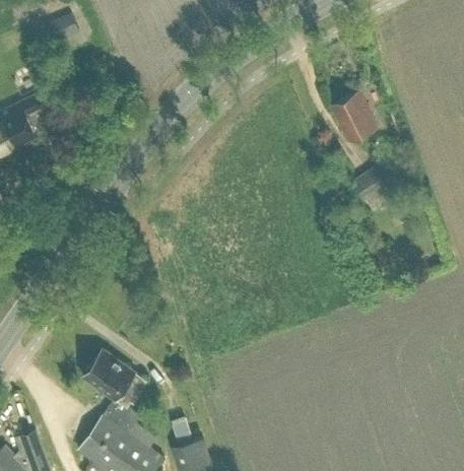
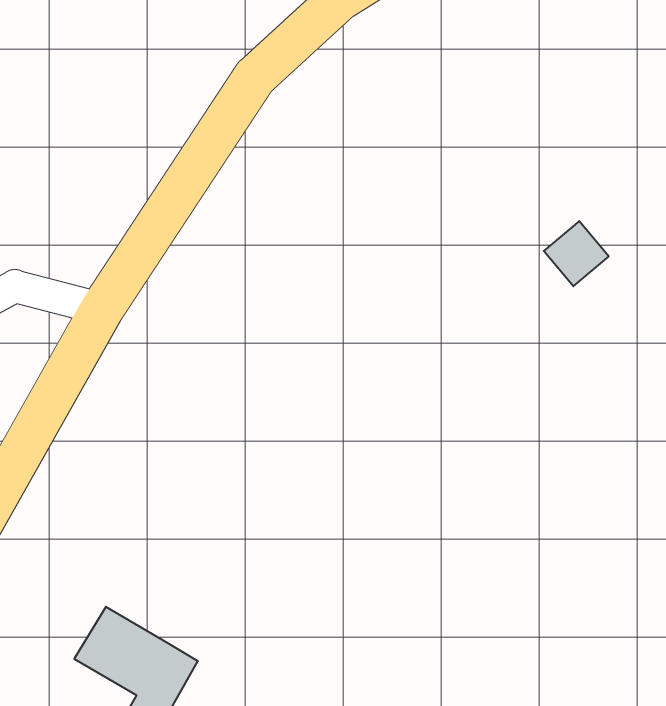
building: [331,92,378,144] -> none

